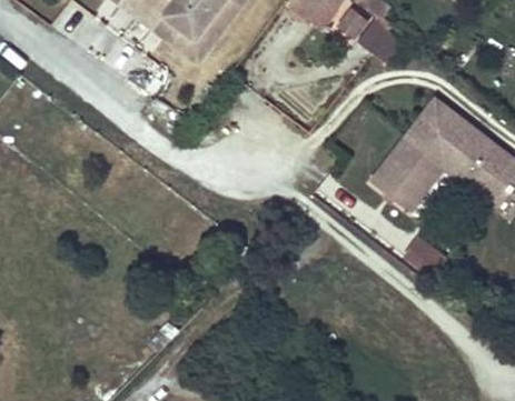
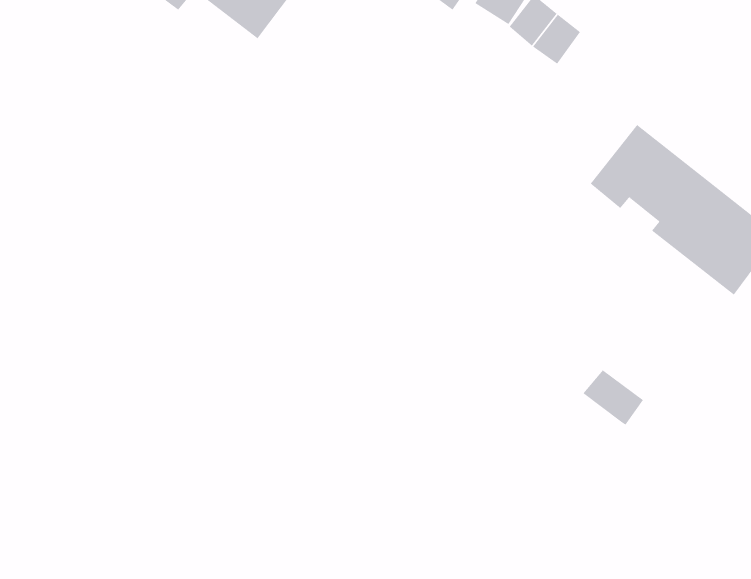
building: [372,132,449,207] -> none

